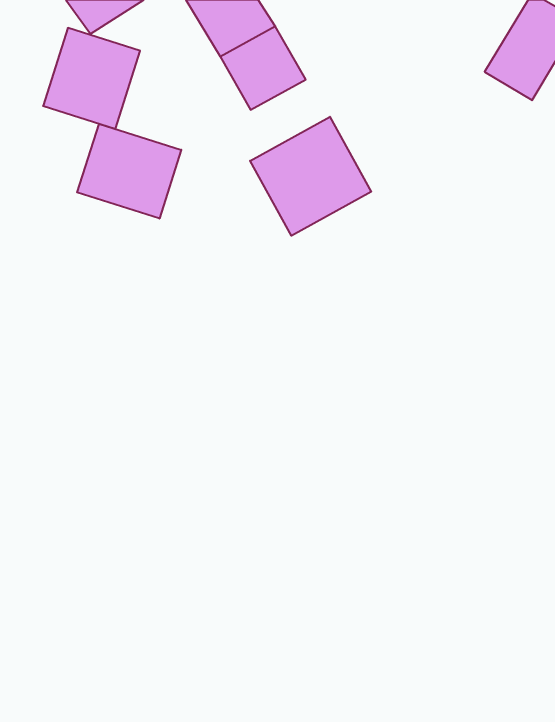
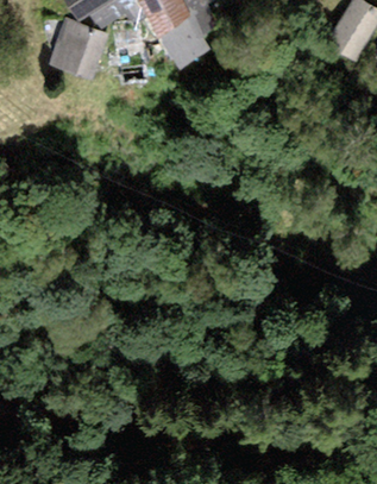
building: [250,117,371,236] -> none
building: [77,124,181,219] -> none

